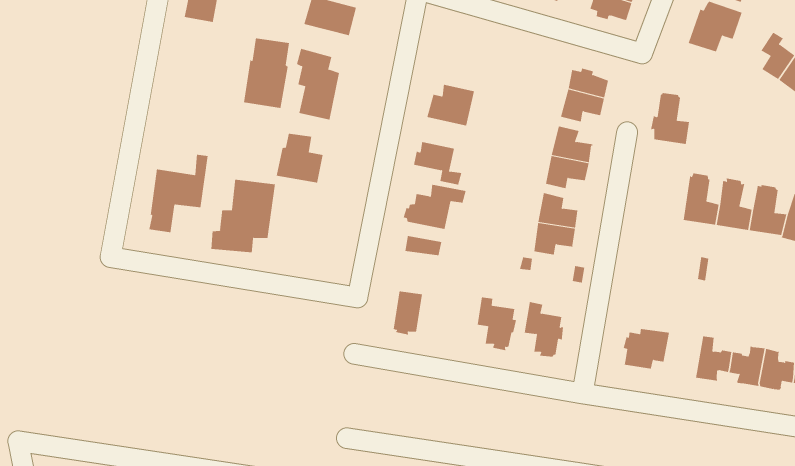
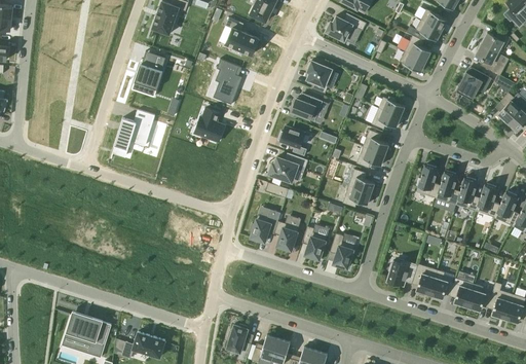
building: none -> [306,62,332,94]
building: [243,38,290,108] -> [133,51,166,97]
building: [650,92,690,144] -> [416,165,441,198]
building: [211,179,275,253] -> none
building: none -> [274,221,299,252]
building: none -> [412,264,438,295]

